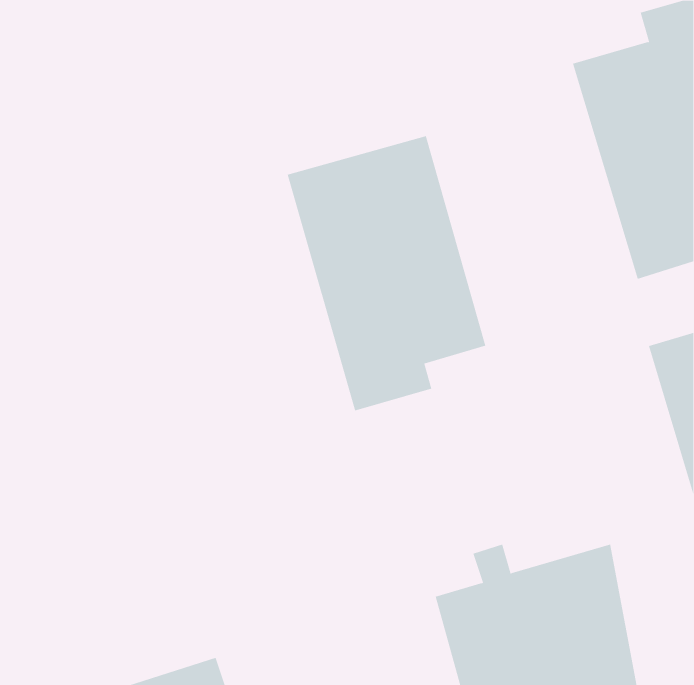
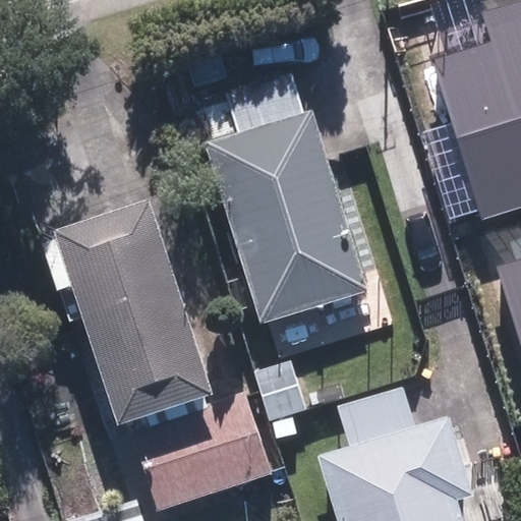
building: none -> [68,196,220,413]
building: none -> [141,403,265,506]

